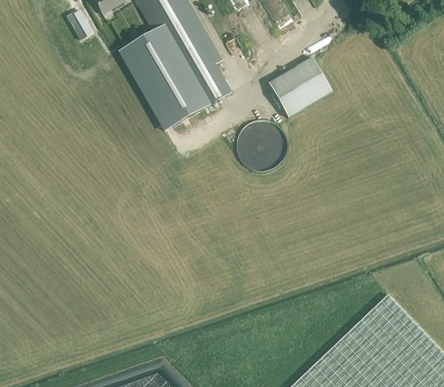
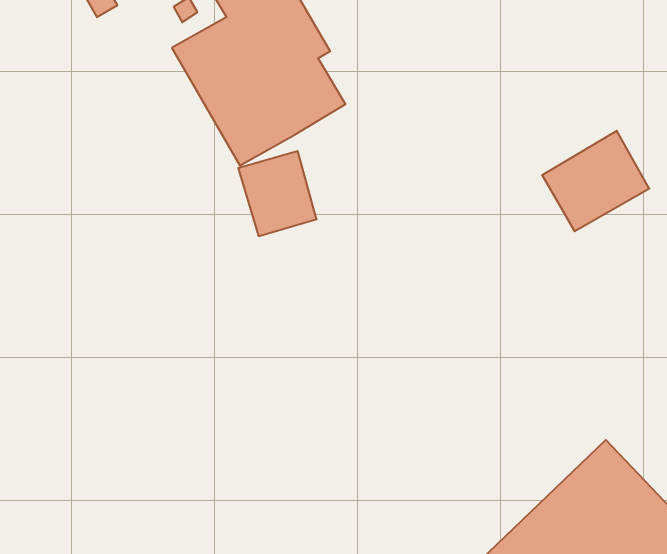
building: [267,58,332,118] -> [542,131,649,231]
building: [239,117,286,169] -> [238,151,317,236]

